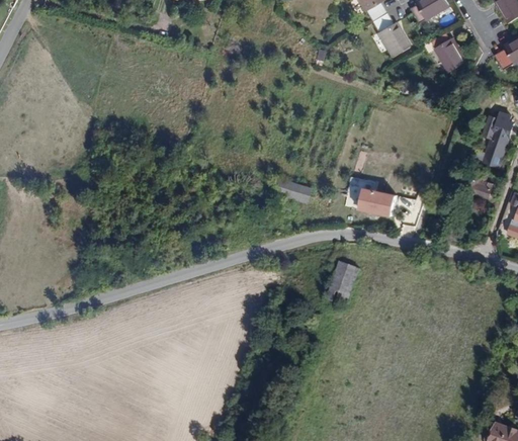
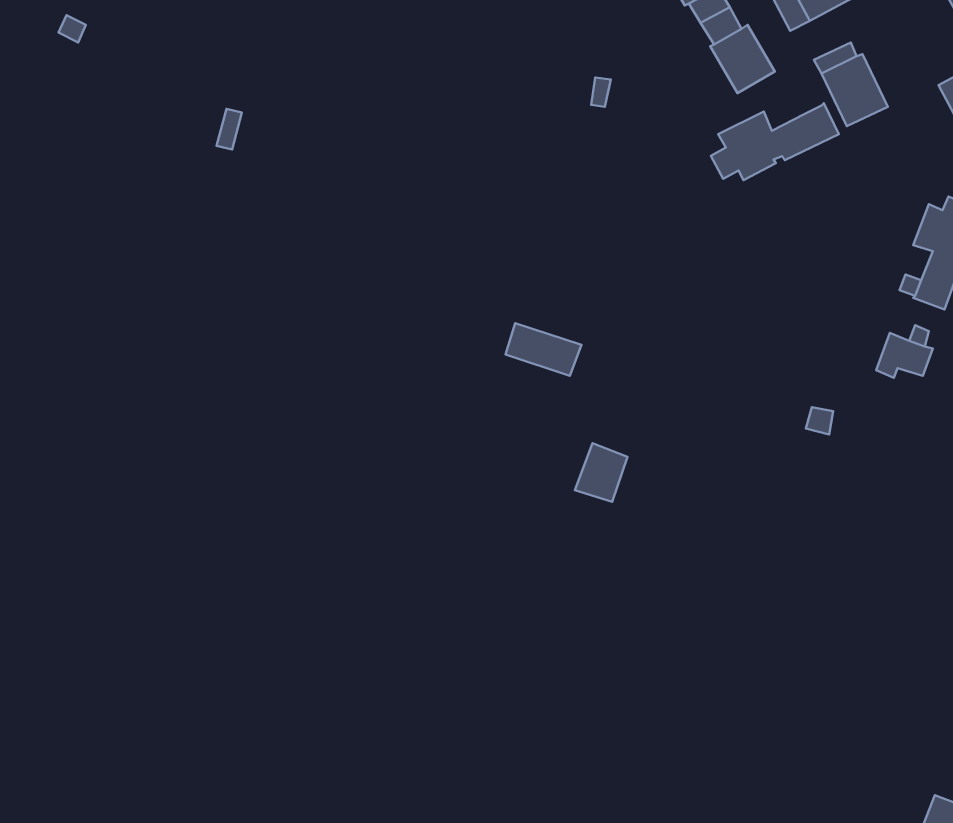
building: none -> [711,103,839,180]
building: [358,188,396,215] -> none
building: [331,264,358,294] -> [575,443,628,502]

